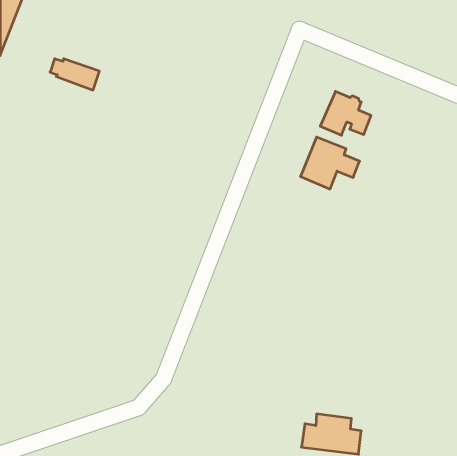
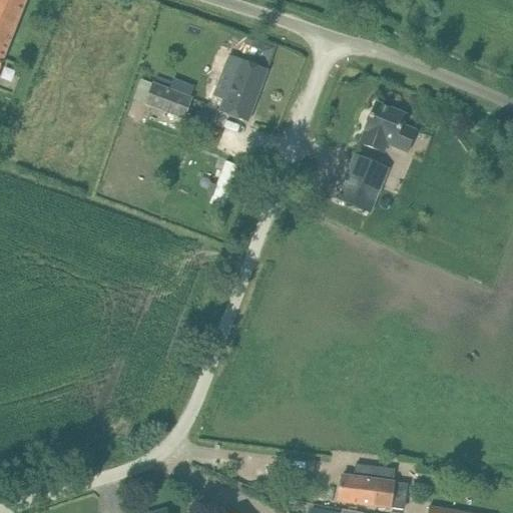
building: none -> [218,57,268,120]
building: [50,59,99,90] -> [136,82,191,117]

